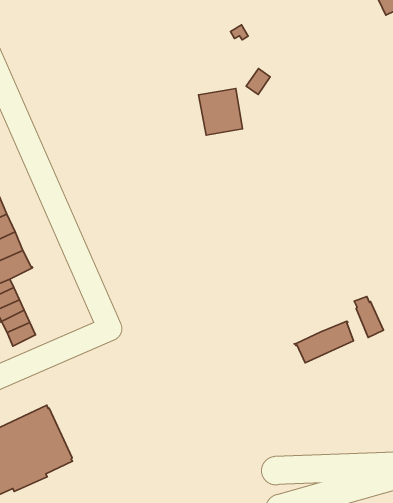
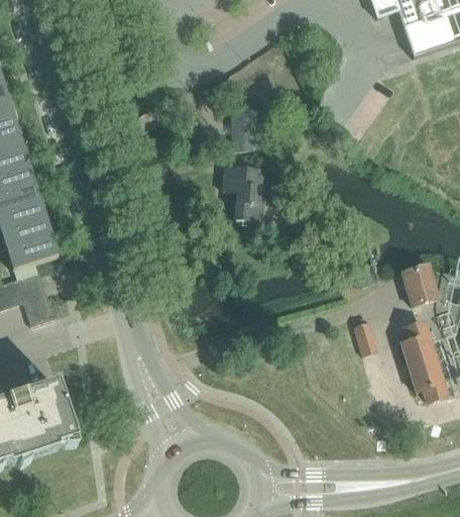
building: none -> [222,165,265,219]
building: [294,321,354,363] -> none

